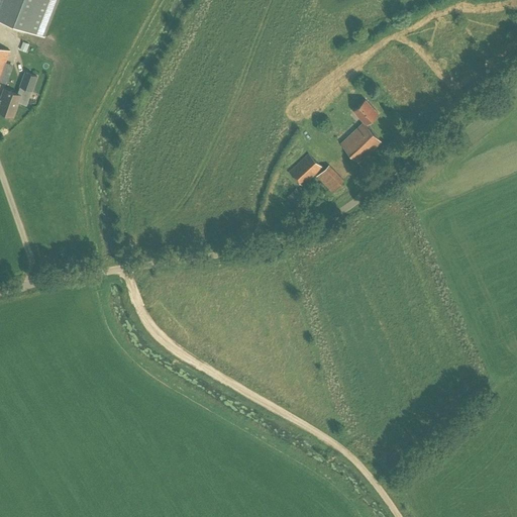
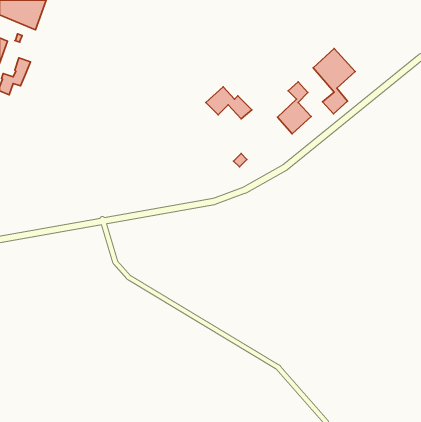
building: none -> [313,49,355,114]
building: [287,152,343,192] -> [206,87,252,119]

